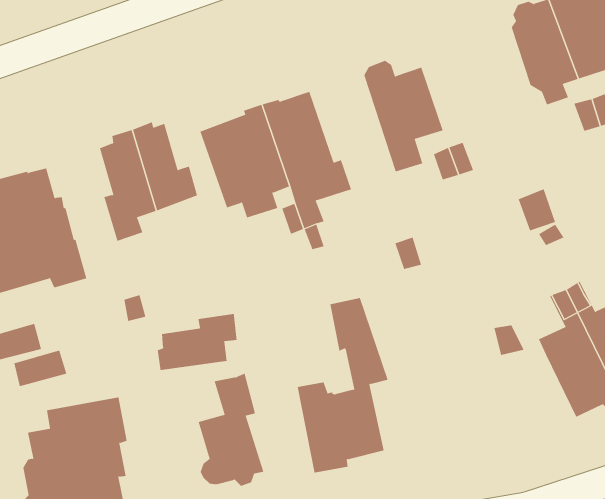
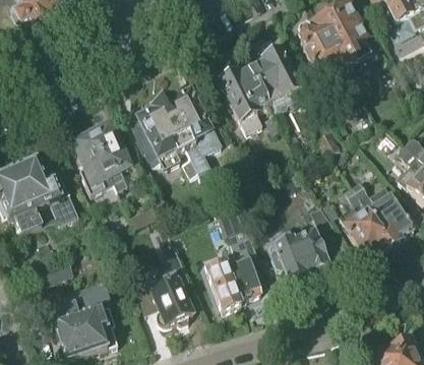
building: none -> [252,46,305,108]
building: [157,313,237,371] -> none
building: none -> [271,229,328,285]

